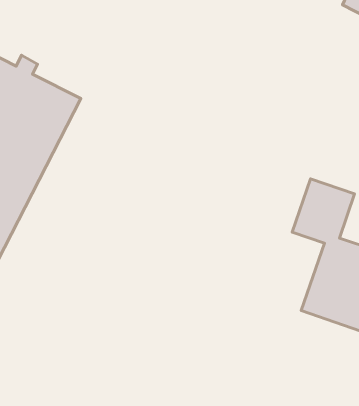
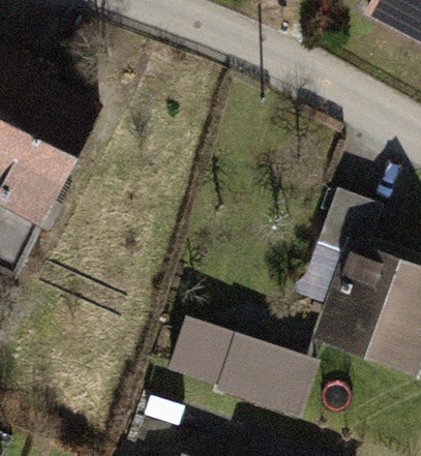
building: none -> [177,324,299,411]

